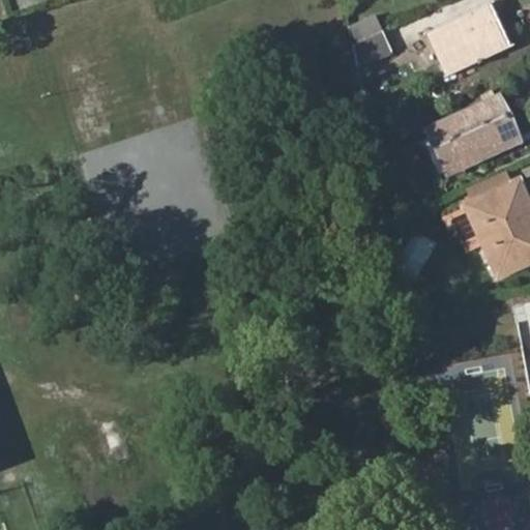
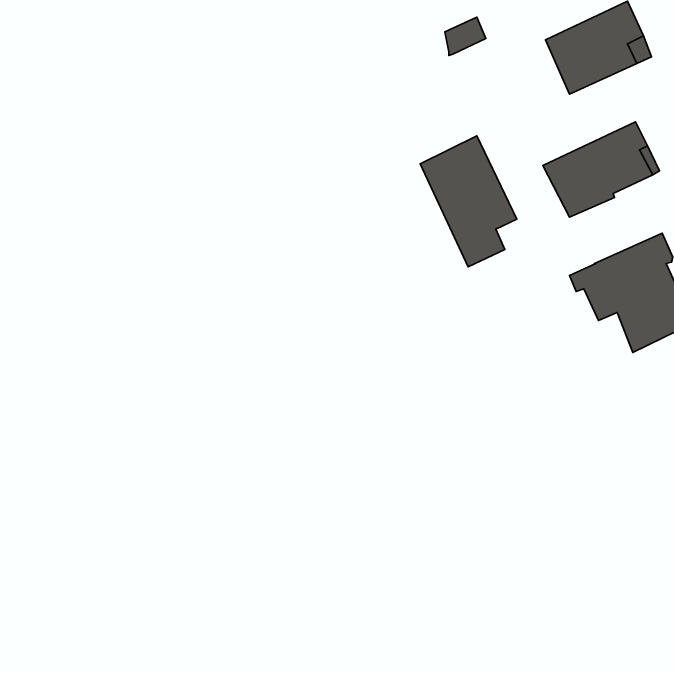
building: [353,29,393,67] -> none
building: none -> [420,136,517,267]

